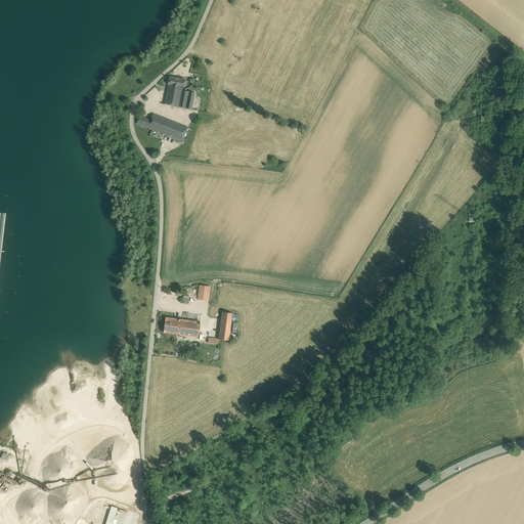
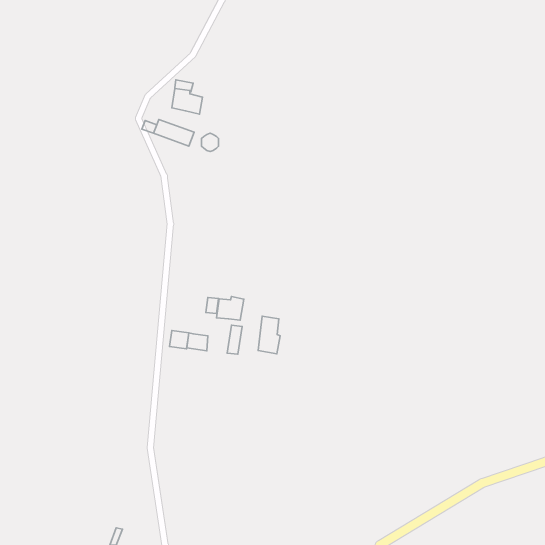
building: none -> [216,296,244,320]
building: none -> [258,316,280,354]

